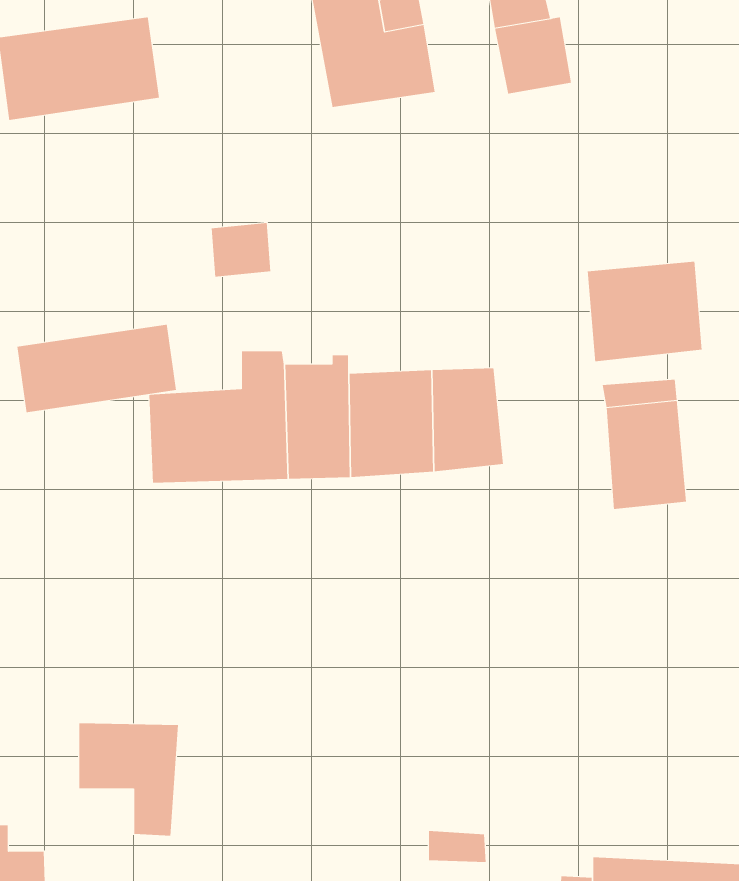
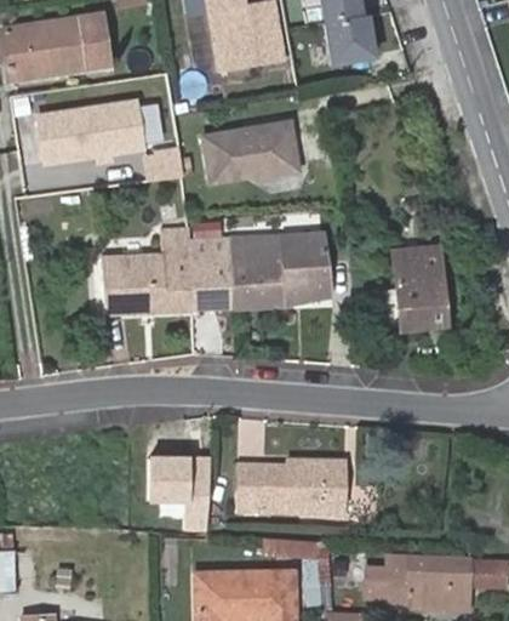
building: none -> [204,120,299,182]
building: [587,261,702,362] -> none
building: [16,324,177,413] -> [39,103,142,160]
building: none -> [236,458,344,511]
building: [79,723,179,836] -> [148,456,212,529]

